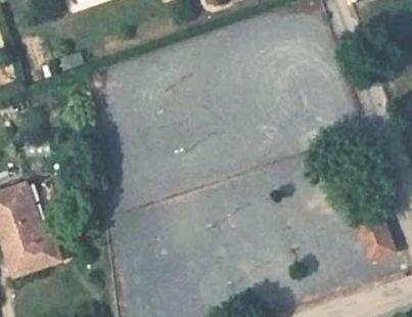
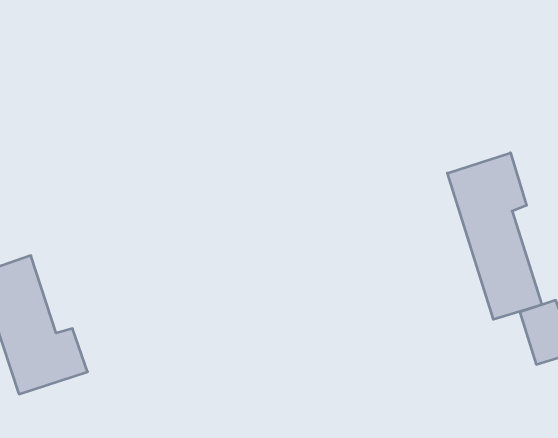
building: none -> [447,153,542,319]

